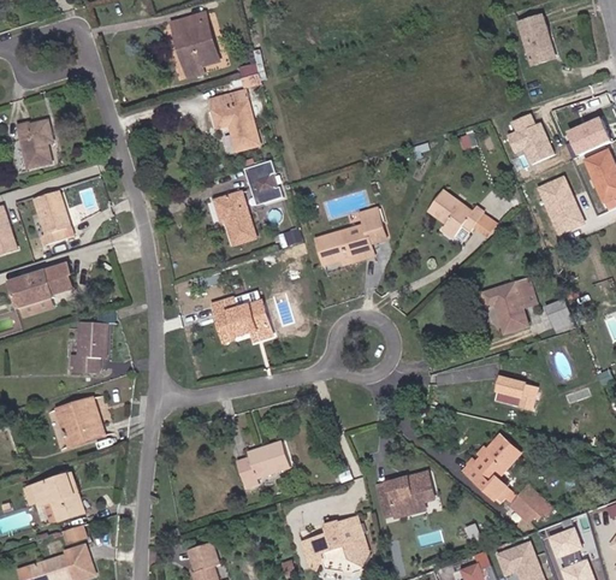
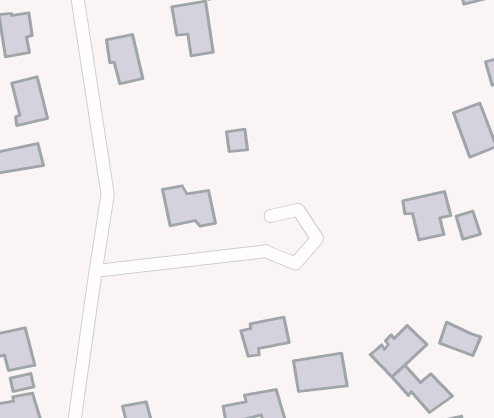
building: [503,113,550,165] -> none
building: [242,160,279,206] -> none
building: [426,188,498,239] -> none
building: [214,190,259,247] -> [106,35,143,84]
building: [314,206,389,266] -> none
building: [69,320,109,374] -> none
building: [494,374,540,409] -> [439,322,481,356]
building: [54,396,106,446] -> none
building: [236,439,291,486] -> [241,317,289,356]

